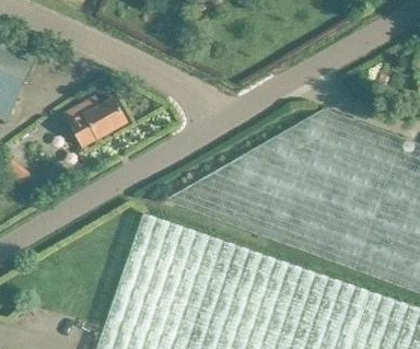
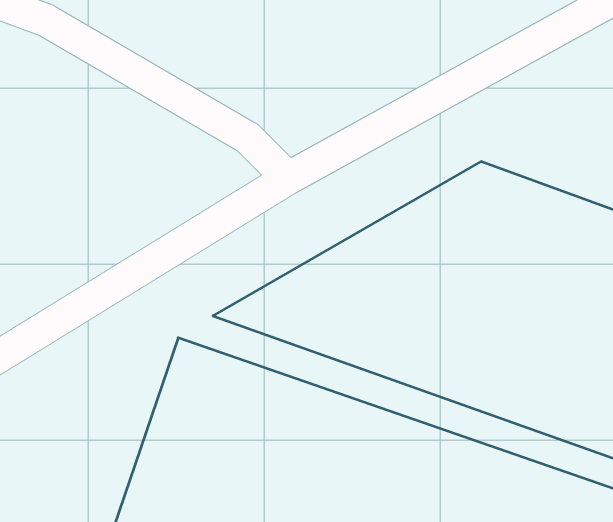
building: [73,100,127,149] -> none

